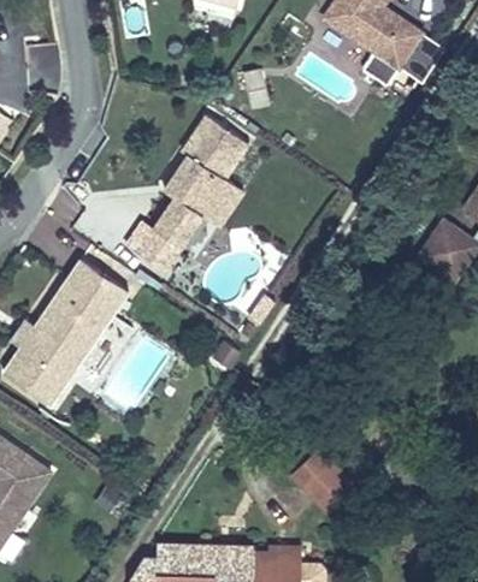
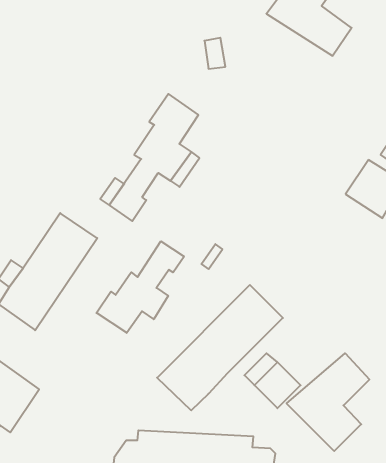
building: none -> [96,241,184,333]
building: none -> [157,285,283,410]
building: none -> [287,353,369,451]

